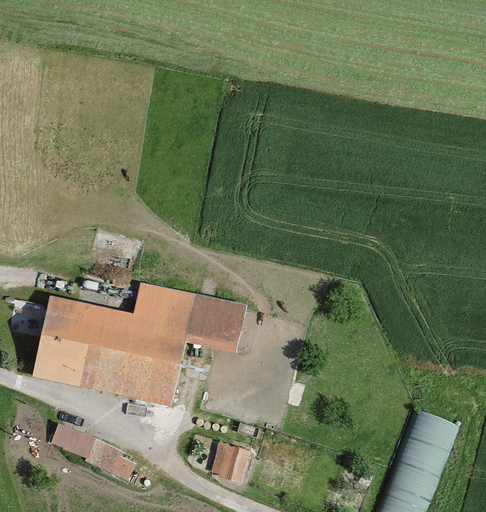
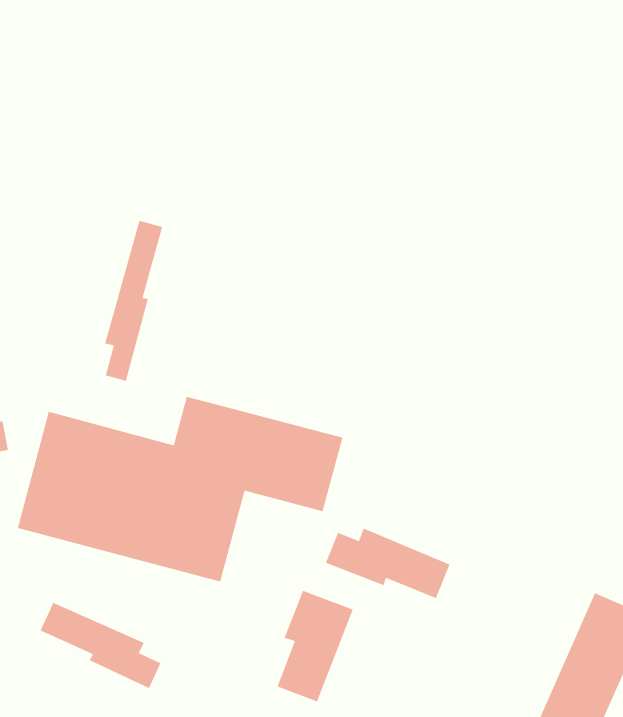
building: none -> [104,220,163,382]
building: none -> [325,528,450,599]

